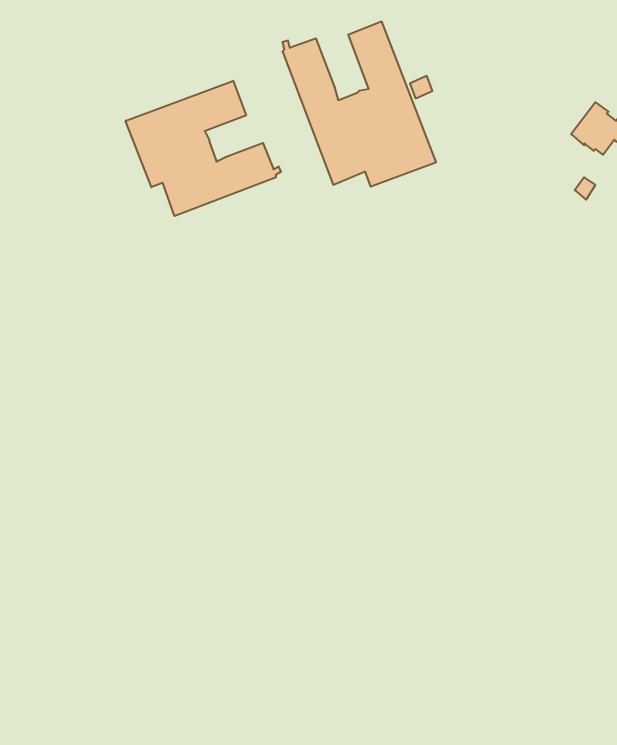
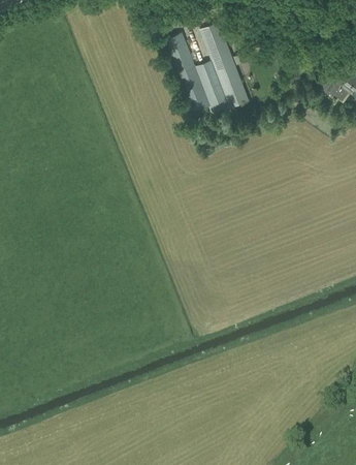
building: [126,81,281,216] -> none

